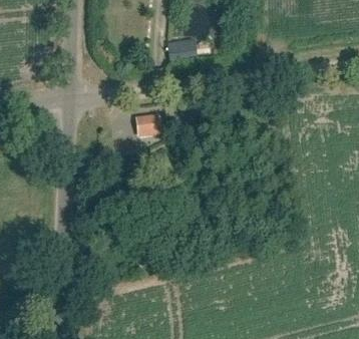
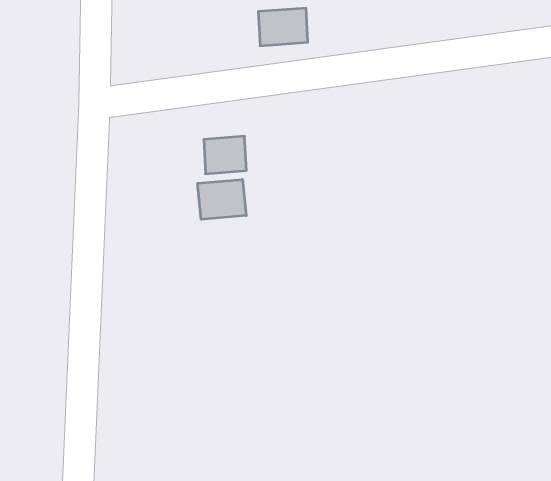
building: none -> [198,179,246,219]

